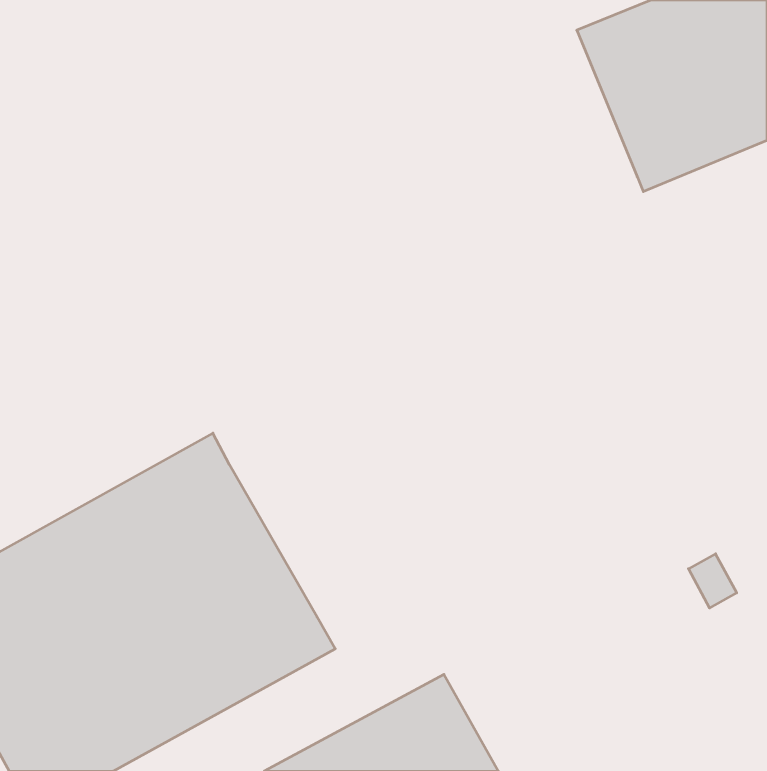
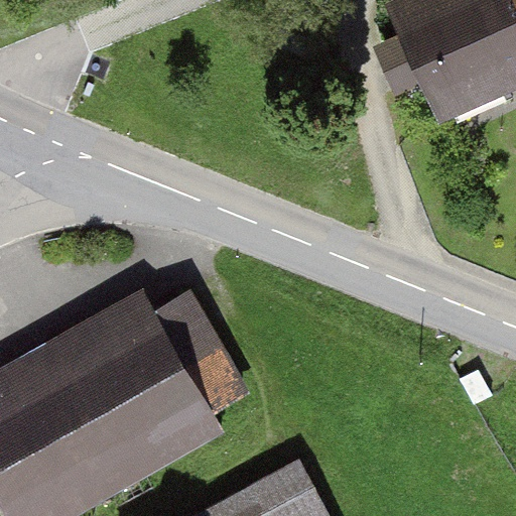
building: none -> [153,289,249,412]

